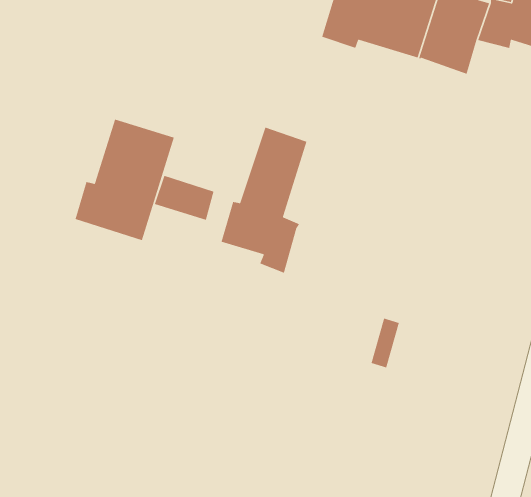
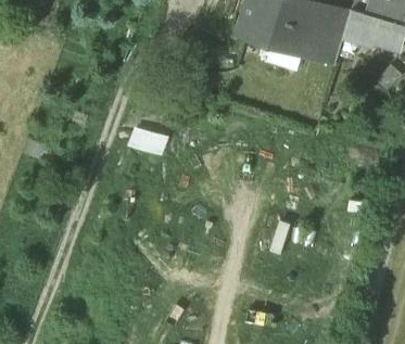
building: [75,119,175,241] -> none
building: [221,127,308,274] -> none

